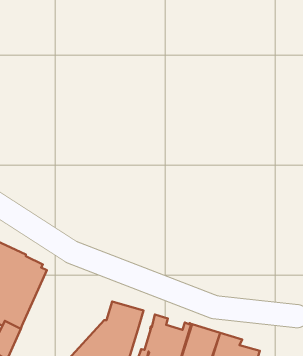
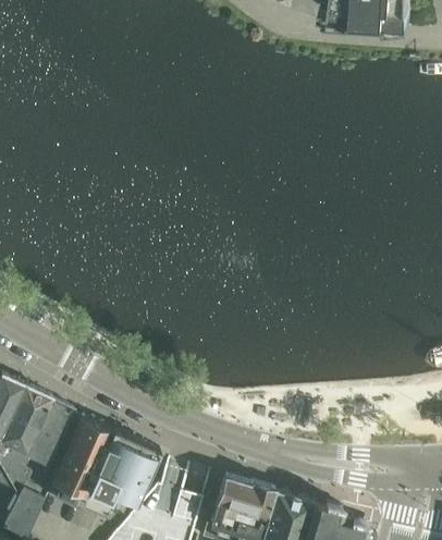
building: none -> [44,417,157,520]

